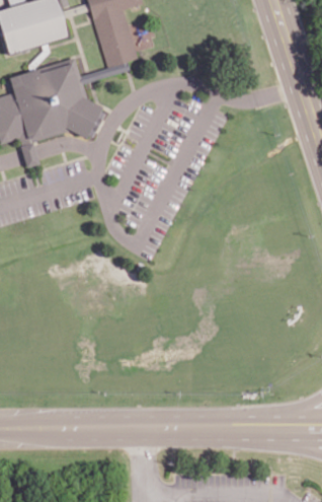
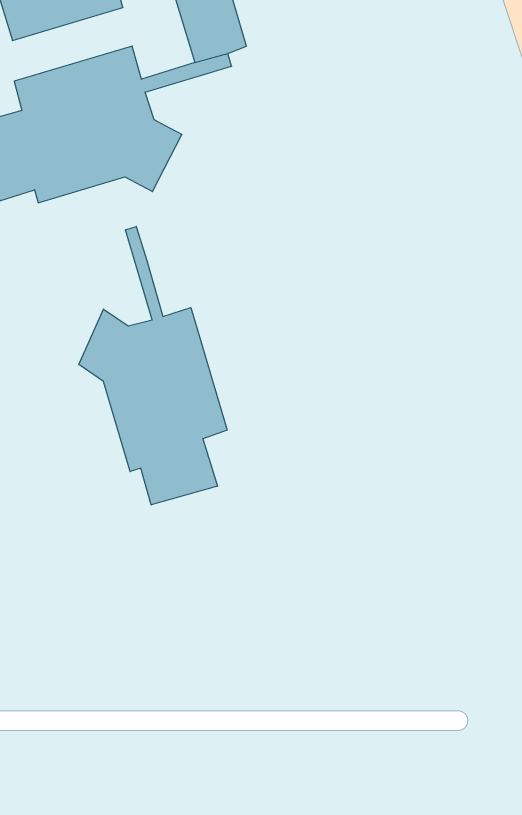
building: none -> [79,226,227,505]

